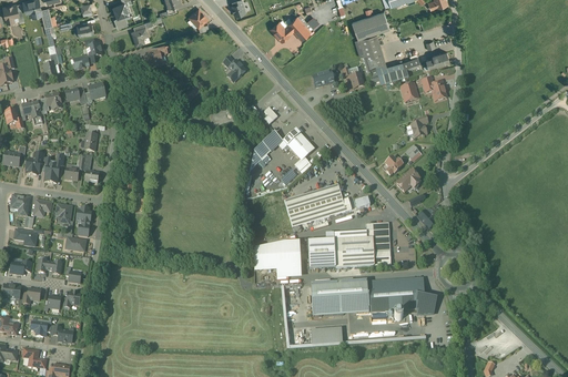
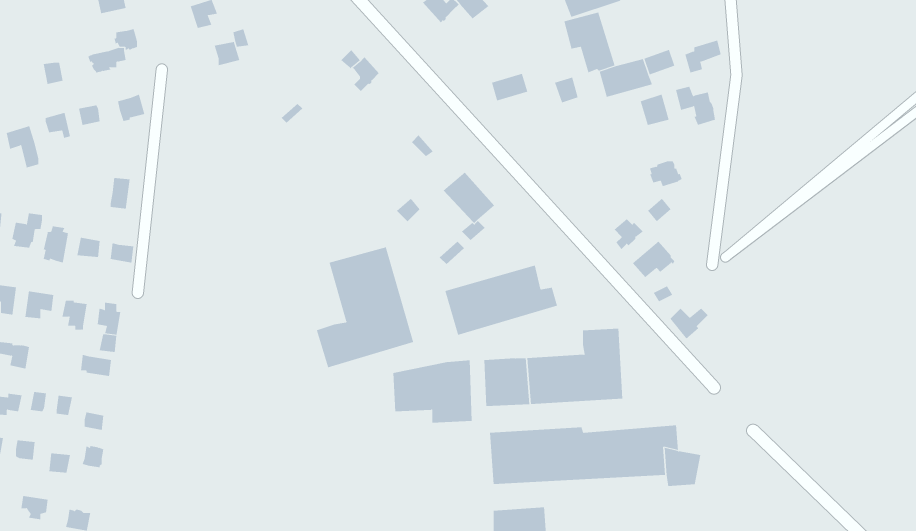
building: none -> [316,247,414,368]

